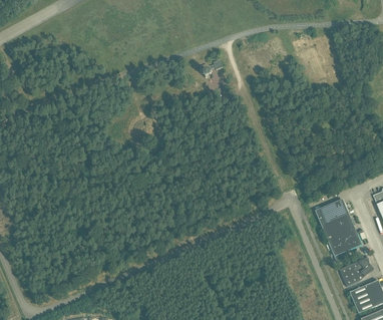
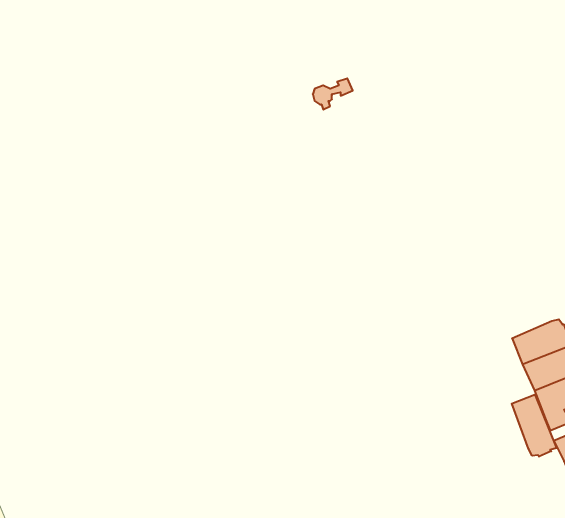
building: none -> [512,394,557,457]

